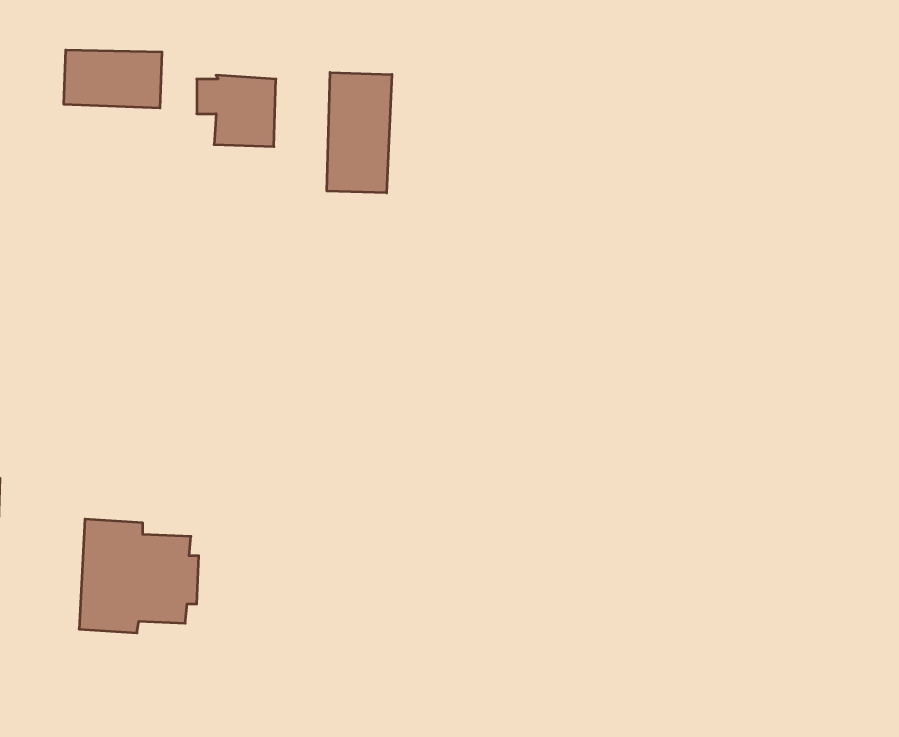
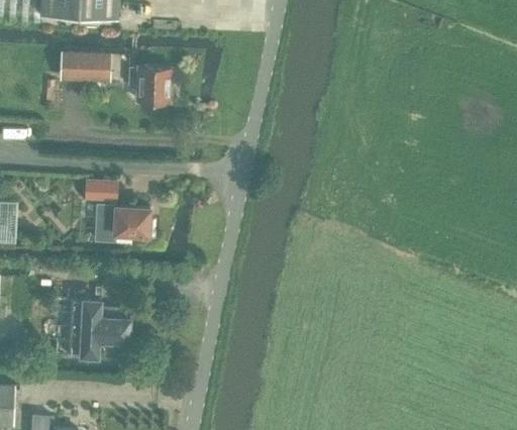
building: [327,72,392,193] -> none
building: none -> [86,181,151,241]

